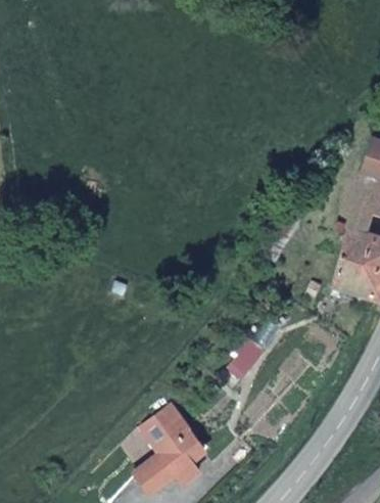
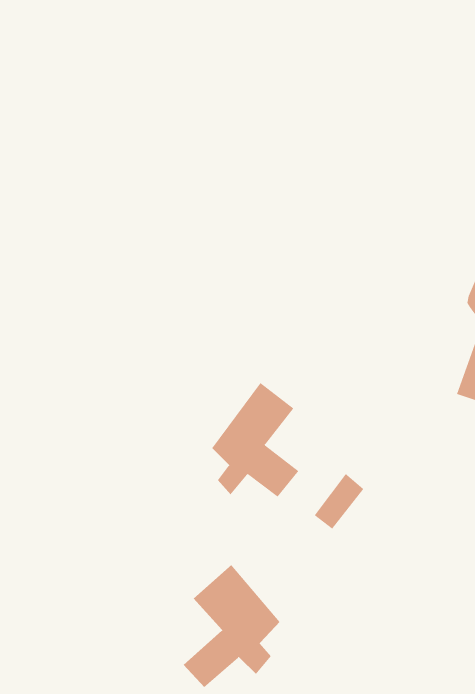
building: none -> [211,382,299,498]

